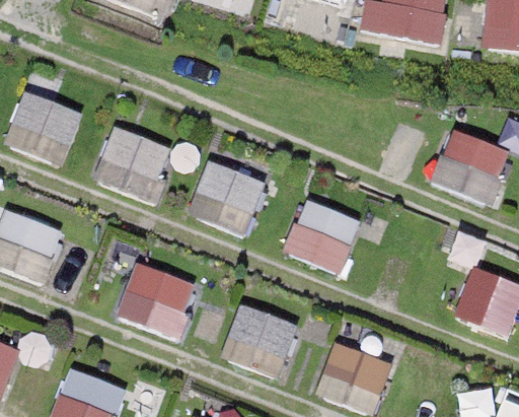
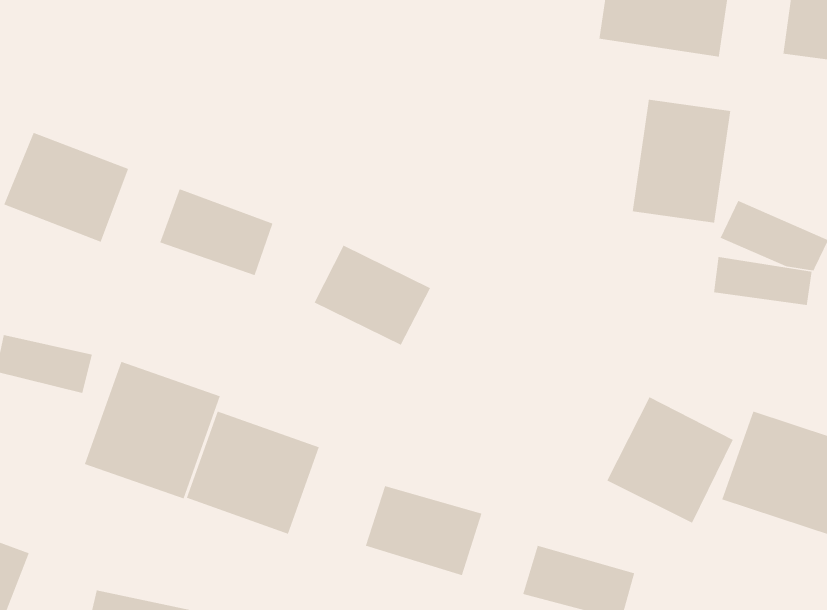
building: none -> [632,99,731,224]
building: [281,201,359,279] -> [606,396,734,524]
building: none -> [84,361,221,500]

